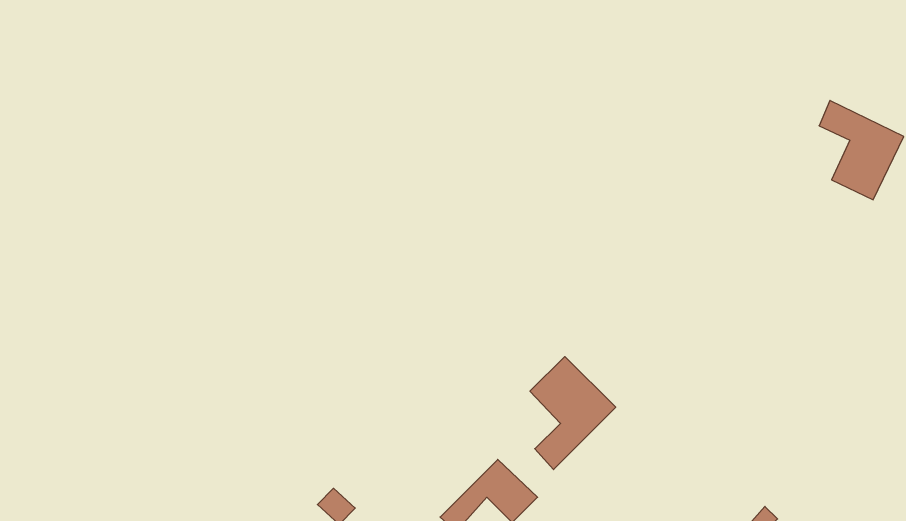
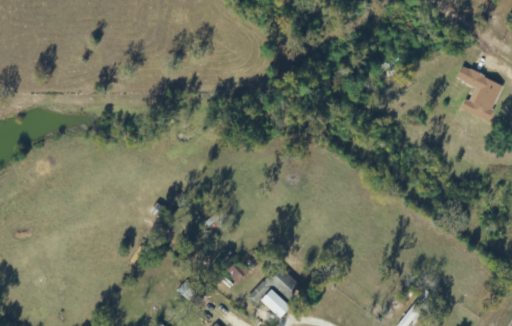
building: [530,357,616,470] -> none

